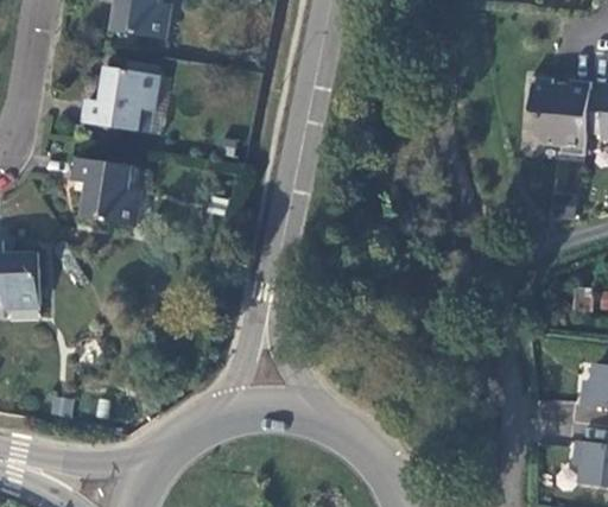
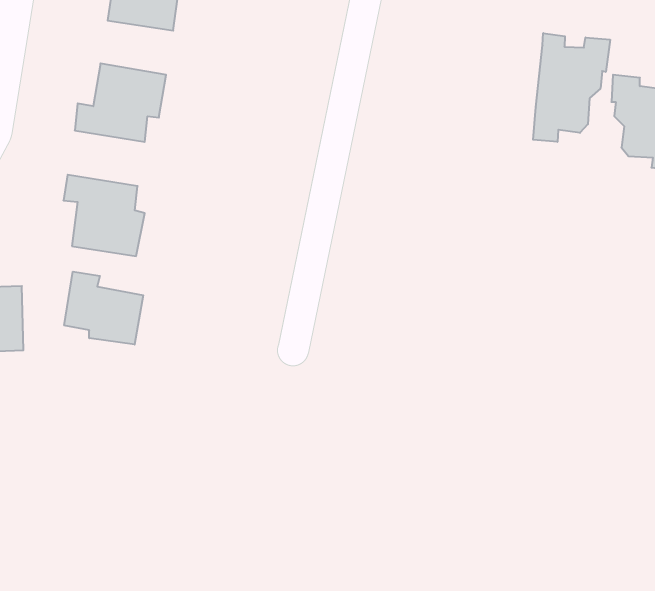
building: none -> [533,33,610,142]
building: none -> [64,272,143,345]

